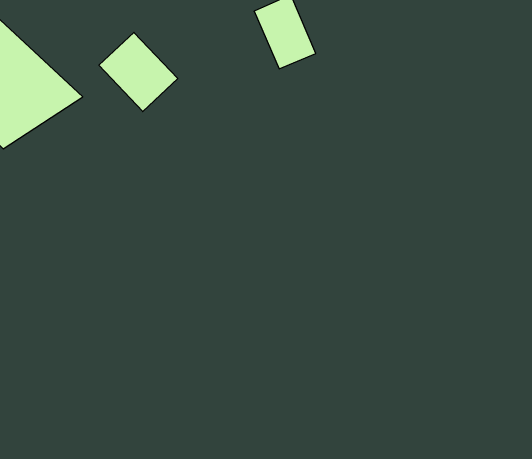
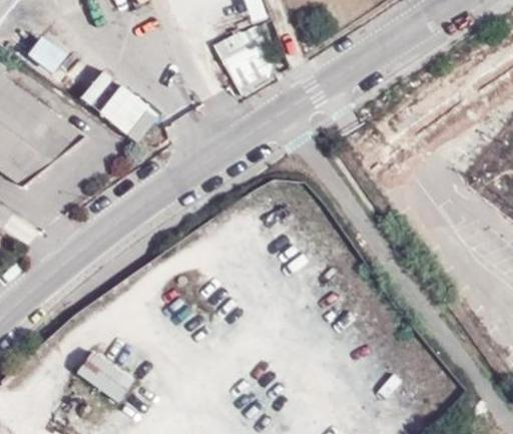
building: none -> [76,353,128,401]

